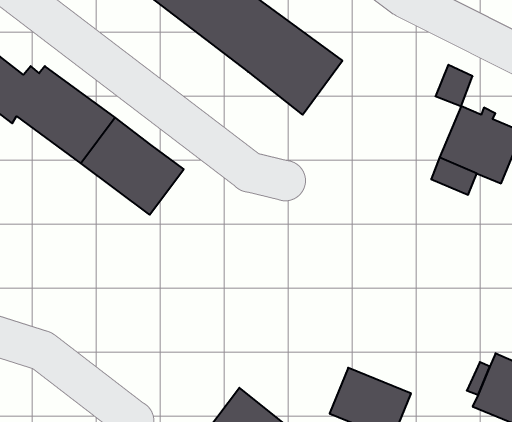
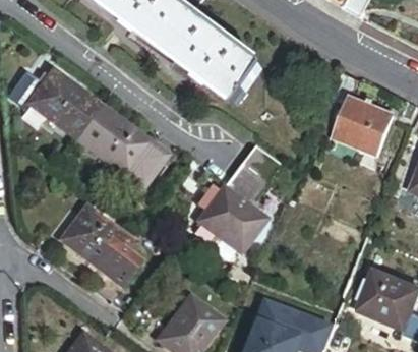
building: none -> [127,143,168,188]
building: none -> [198,148,277,252]
building: none -> [62,209,140,288]

